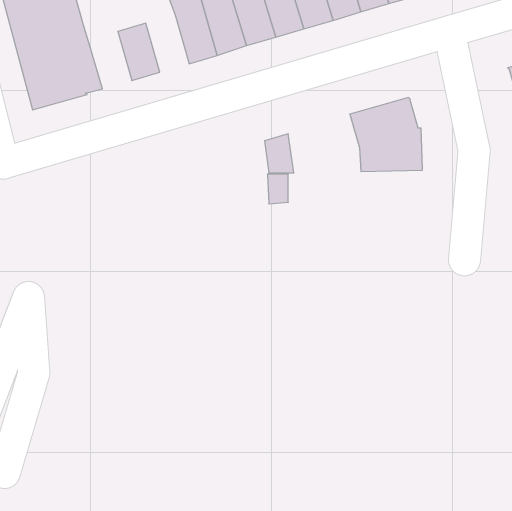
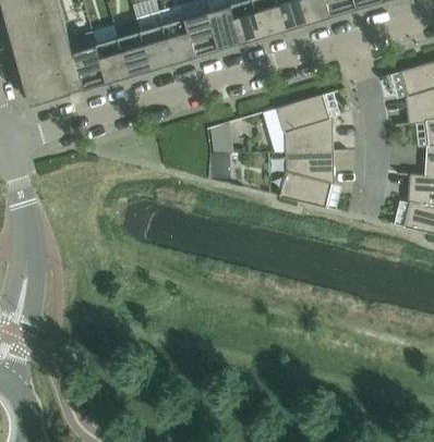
building: none -> [117,32,150,76]
building: none -> [69,33,106,89]
building: none -> [278,152,334,209]

